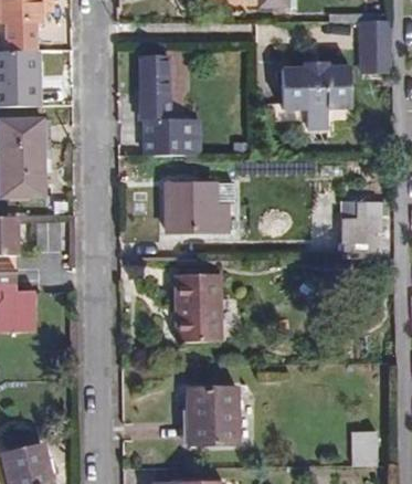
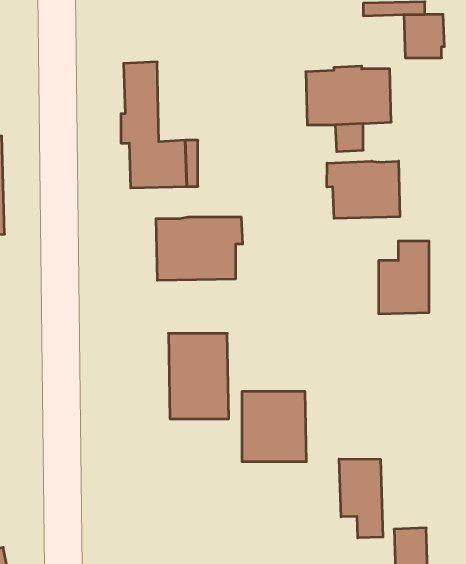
building: none -> [327,161,400,218]
building: none -> [339,459,383,538]
building: [188,388,239,443] -> [242,392,306,462]

